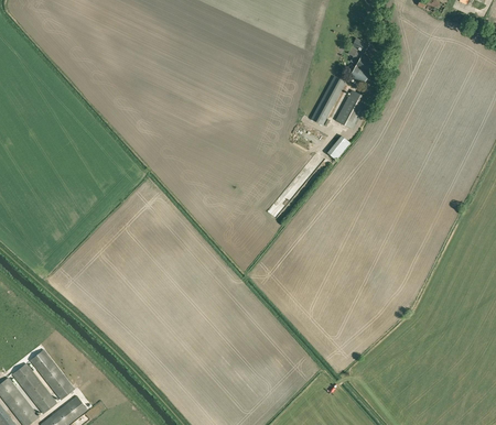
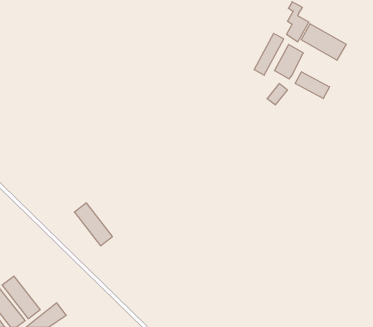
building: none -> [301,24,346,60]
building: none -> [295,72,330,99]
building: [29,349,74,400] -> [74,203,112,246]

